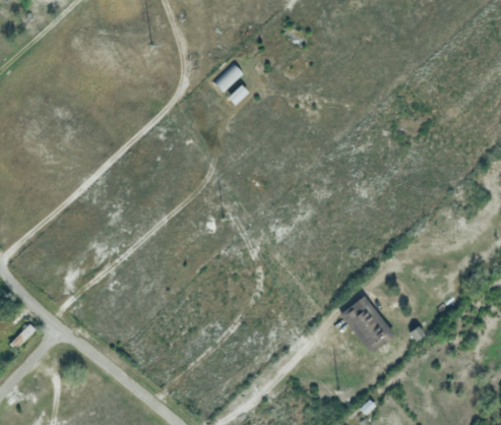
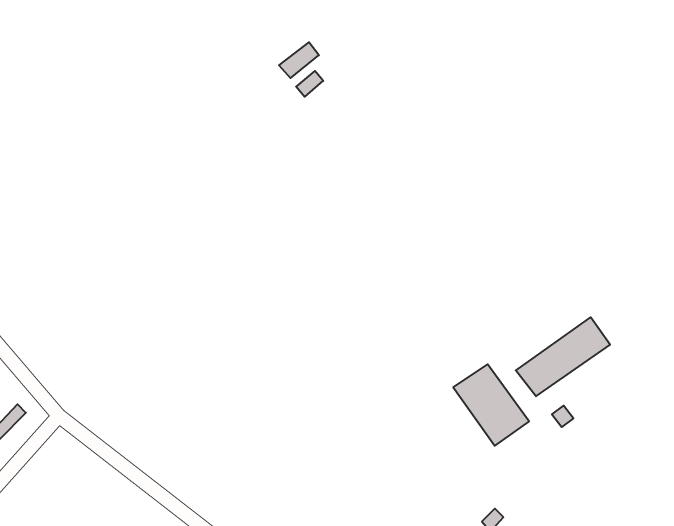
building: none -> [516,317,610,396]

